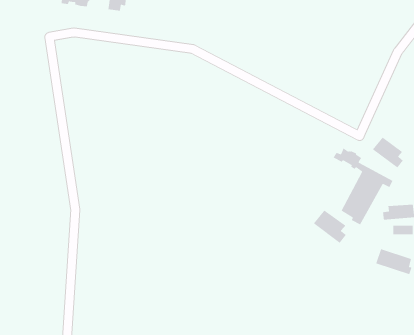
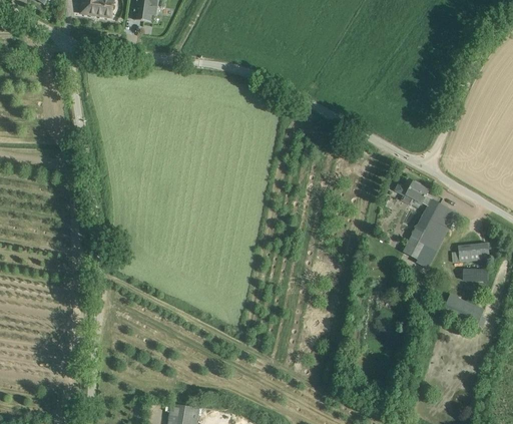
building: [372,137,404,169] -> none
building: [313,209,347,244] -> none

